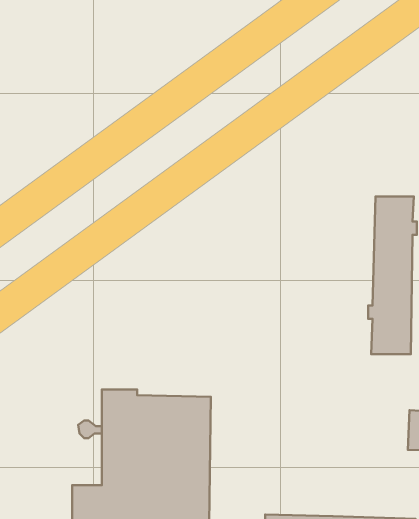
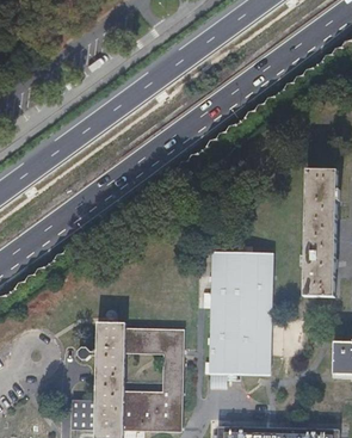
building: none -> [208,255,274,380]

